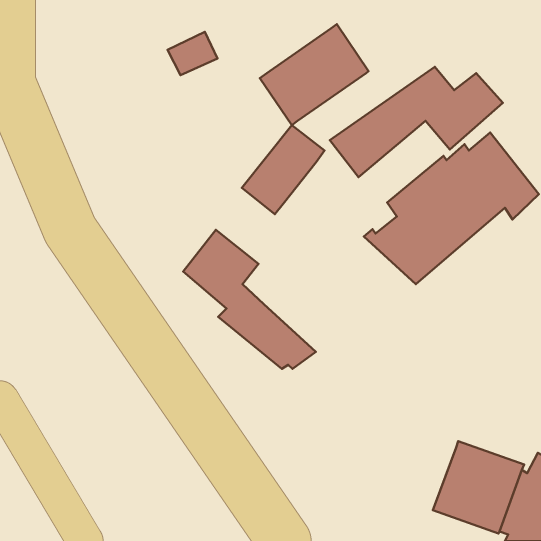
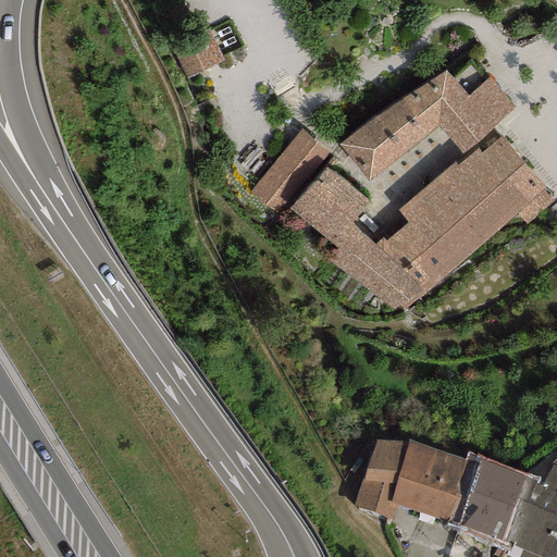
building: [260,24,369,125] -> none
building: [183,230,316,369] -> [292,166,428,309]
building: none -> [355,438,469,518]

